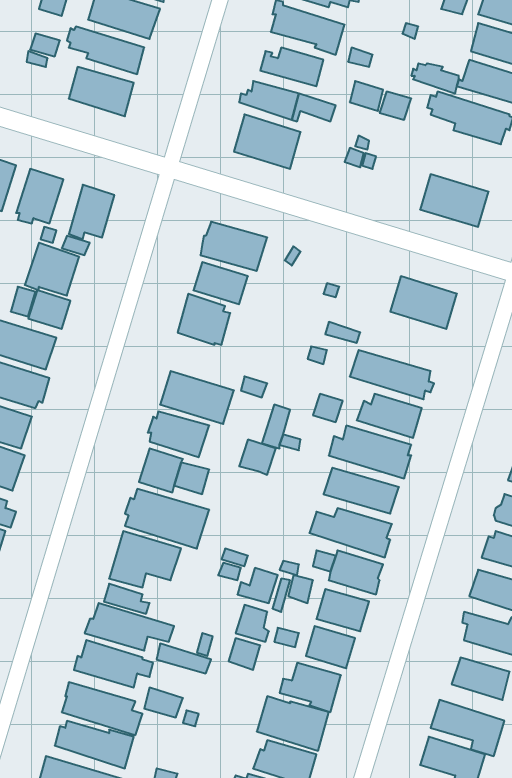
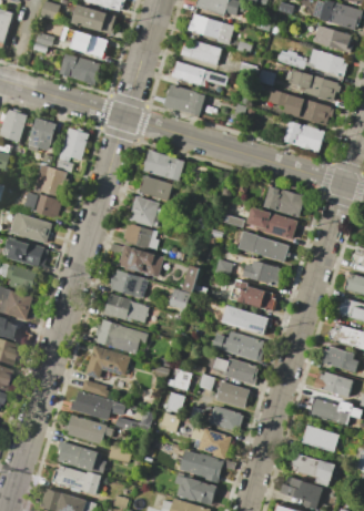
building: none -> [267,90,334,126]
building: none -> [246,207,297,239]
building: none -> [123,224,159,249]

